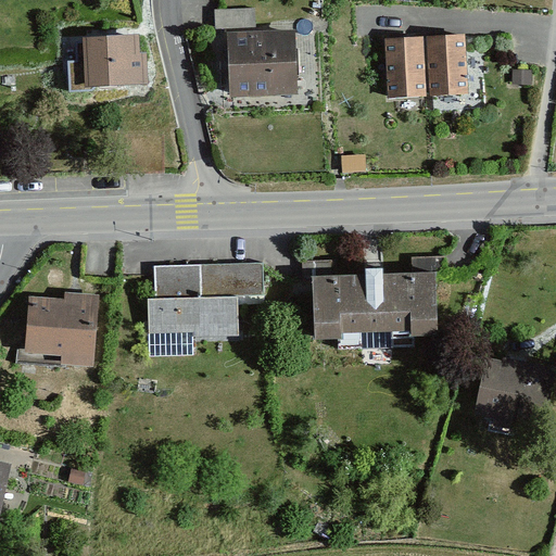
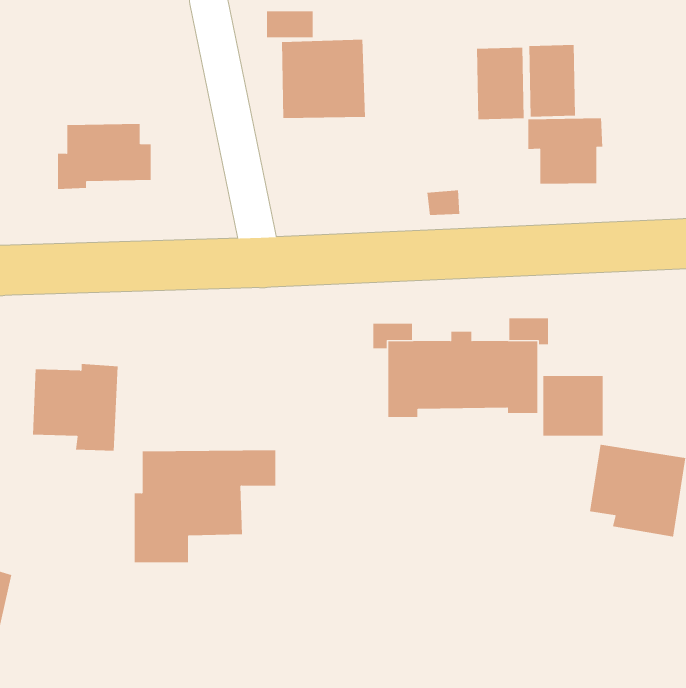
building: [68,38,144,91] -> [57,124,151,190]
building: none -> [528,118,603,185]
building: [148,265,263,356] -> [134,450,276,563]
building: none -> [543,375,603,437]

